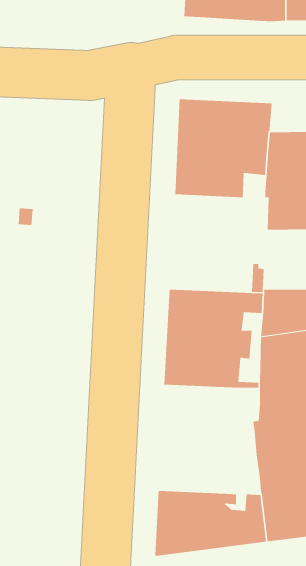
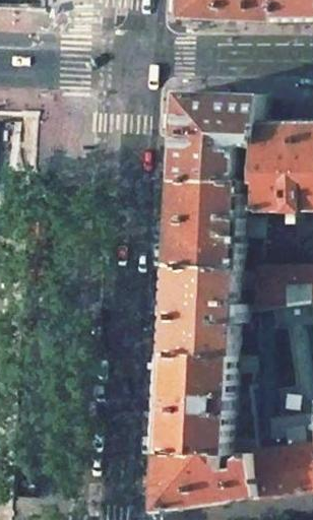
building: none -> [162,178,252,267]
building: none -> [151,351,246,452]

